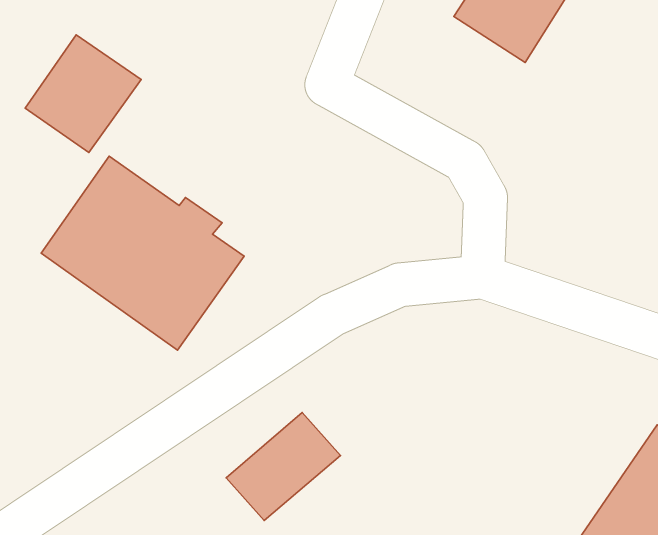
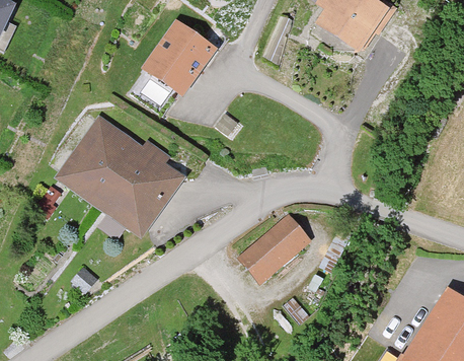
building: [25,35,141,153] -> [143,23,217,98]
building: [226,413,340,521] -> [236,214,309,283]

